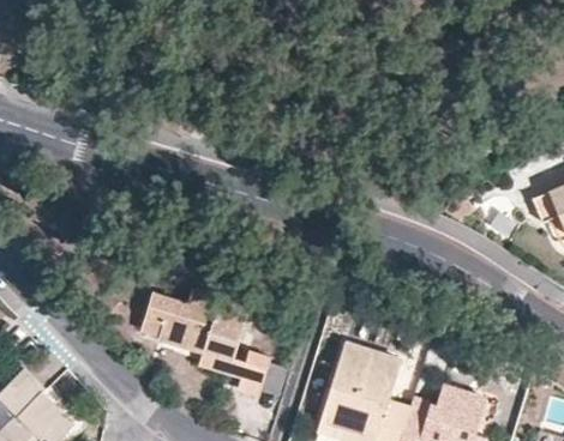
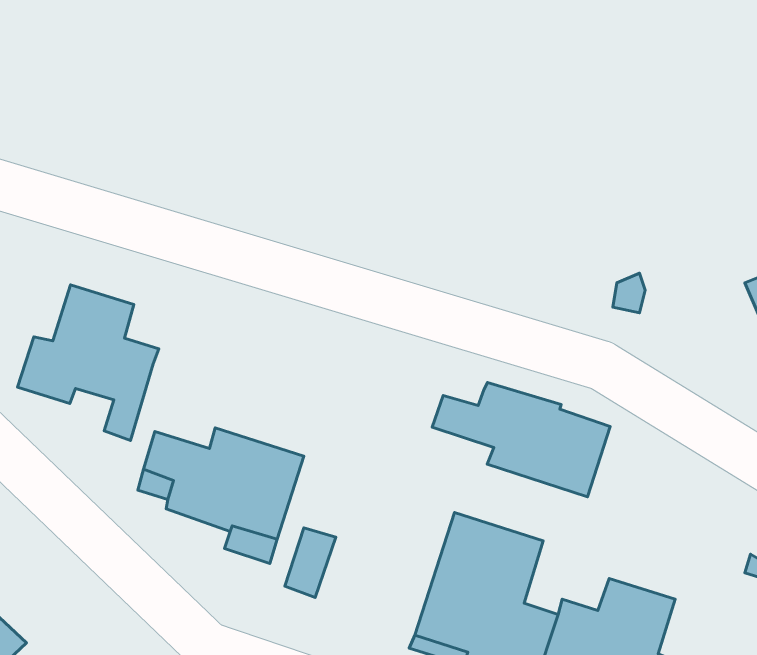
building: none -> [18,285,159,441]
building: none -> [432,382,610,497]

